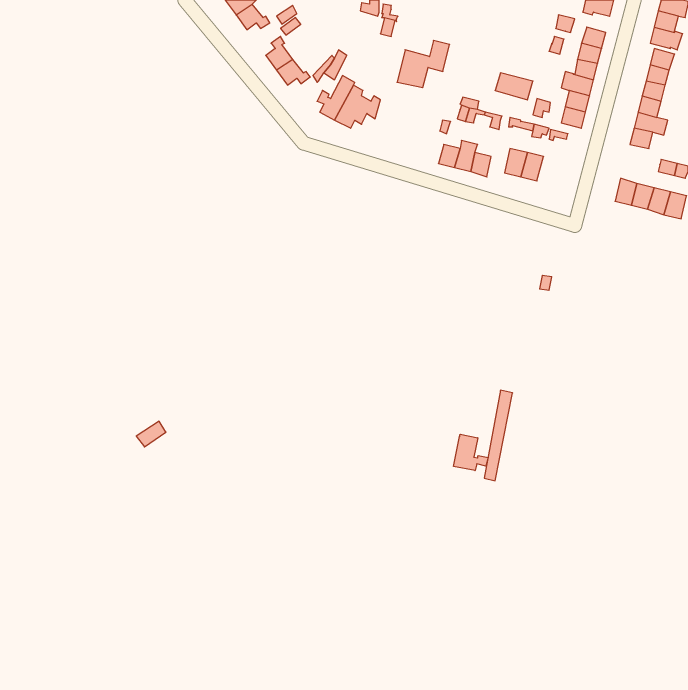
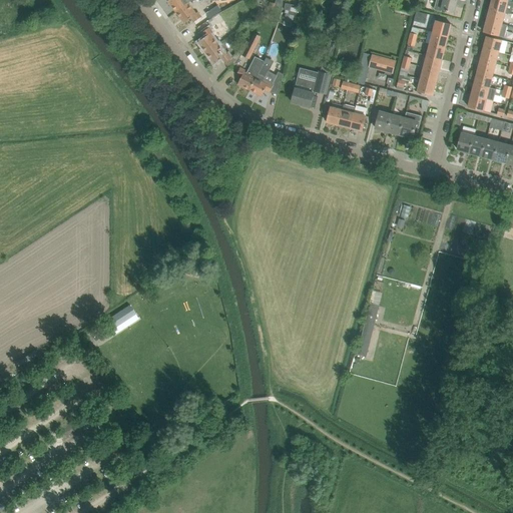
building: [397,40,450,88] -> [291,71,330,106]
building: none -> [399,111,421,137]
building: [454,434,488,471] -> none

